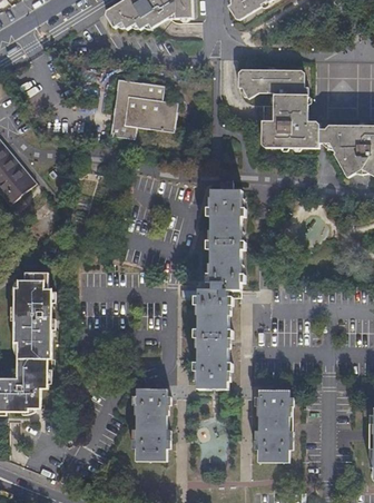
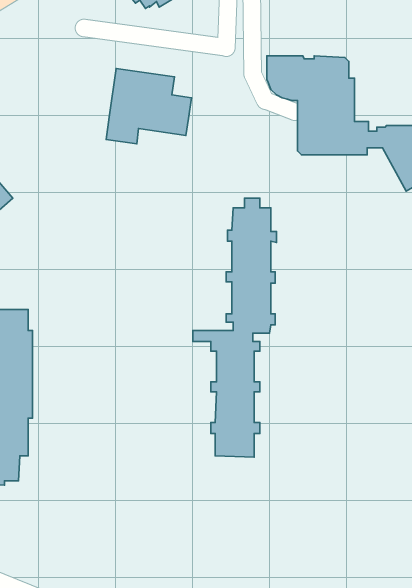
building: [131,386,170,460] -> none
building: [254,388,293,462] -> none

